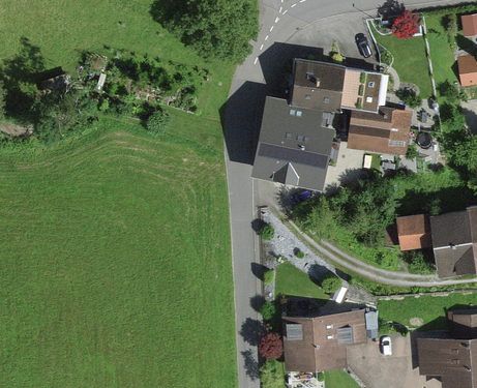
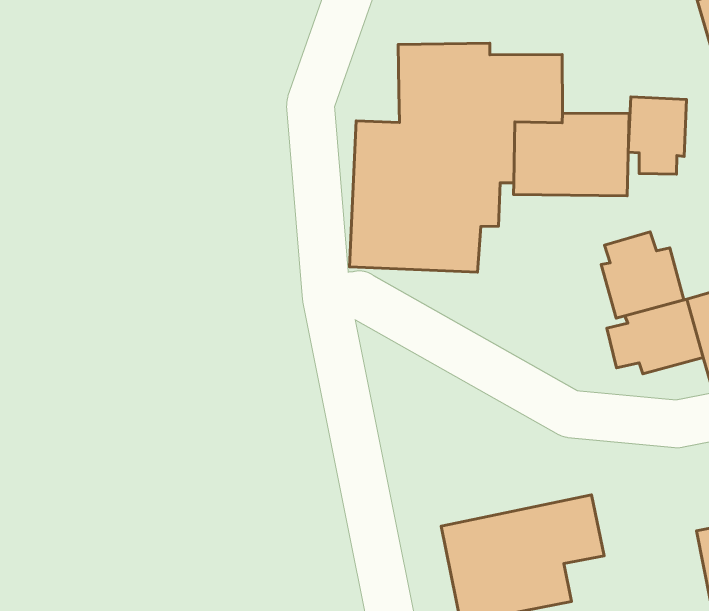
building: none -> [628,97,686,174]
building: none -> [601,232,684,318]

